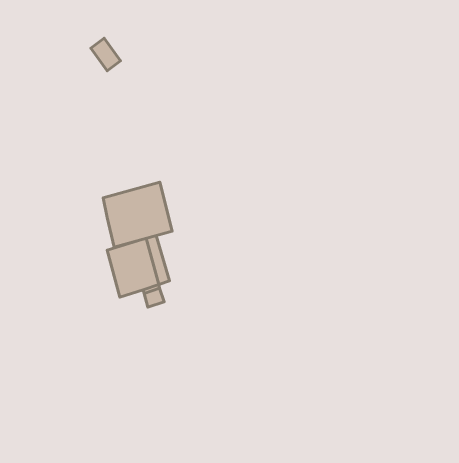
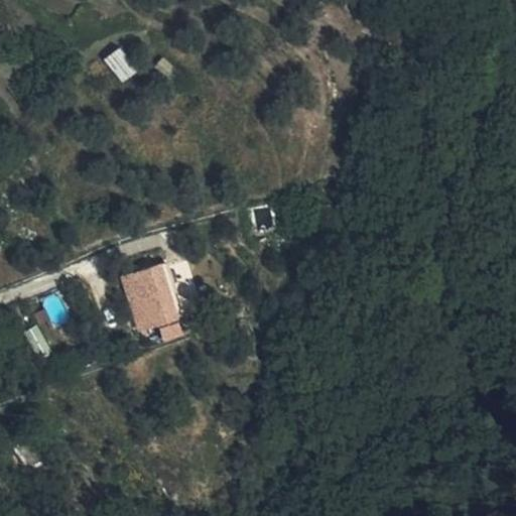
building: [103,182,172,247] -> none

